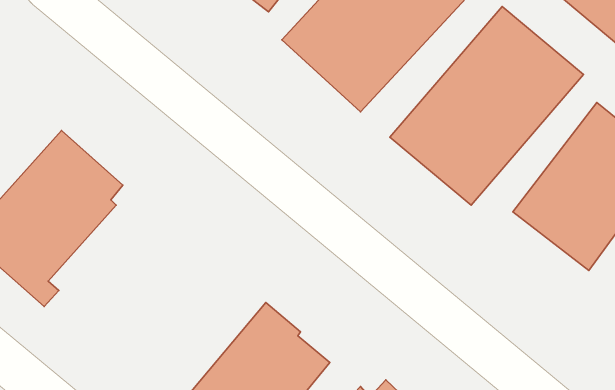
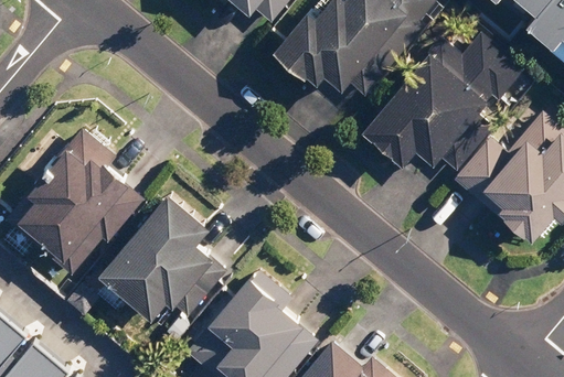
building: none -> [115,182,227,311]

